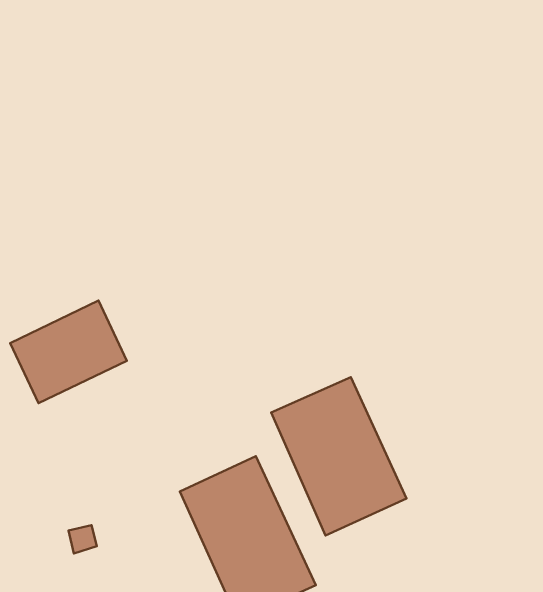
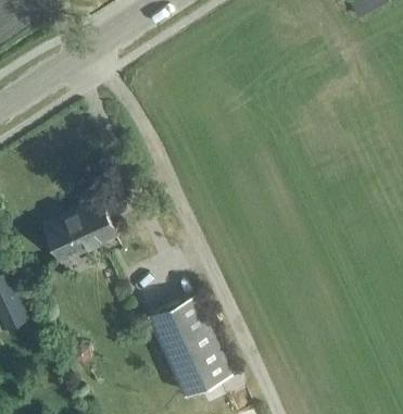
building: [271,377,406,535] -> none

